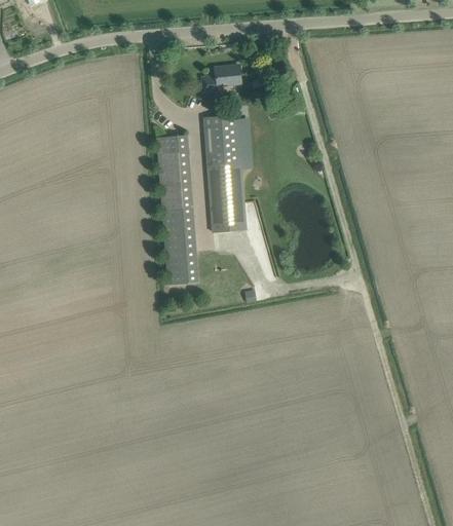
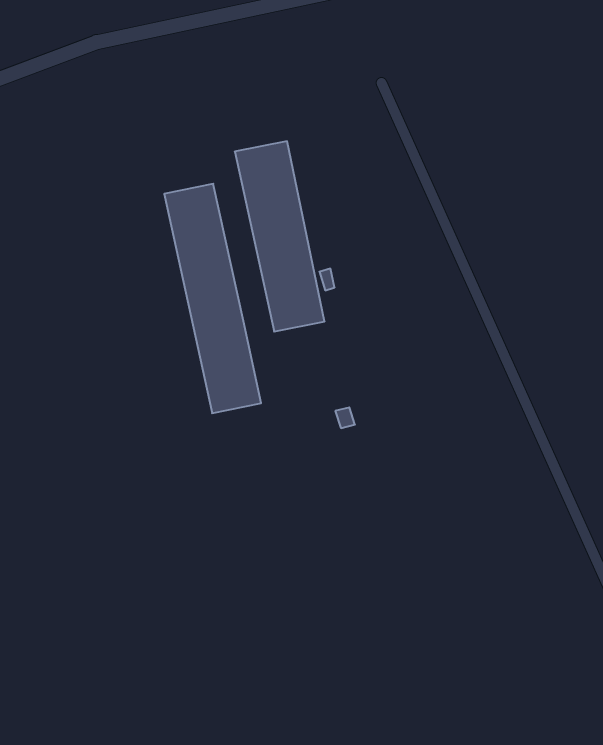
building: [200,64,239,93] -> none

